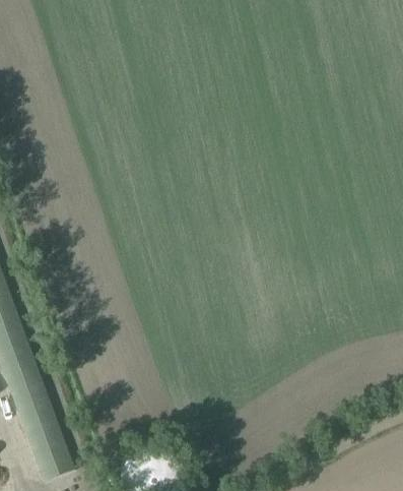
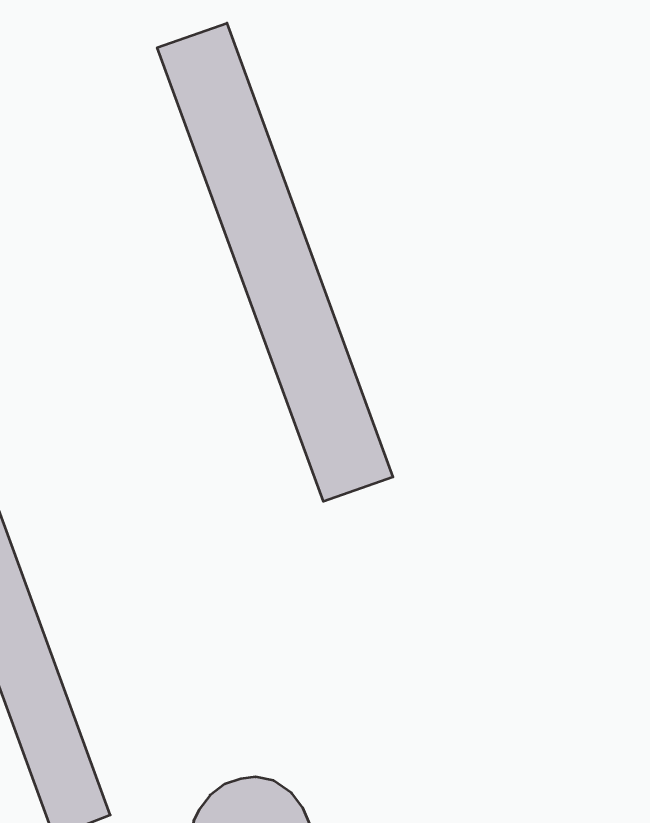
building: none -> [157,23,393,501]

